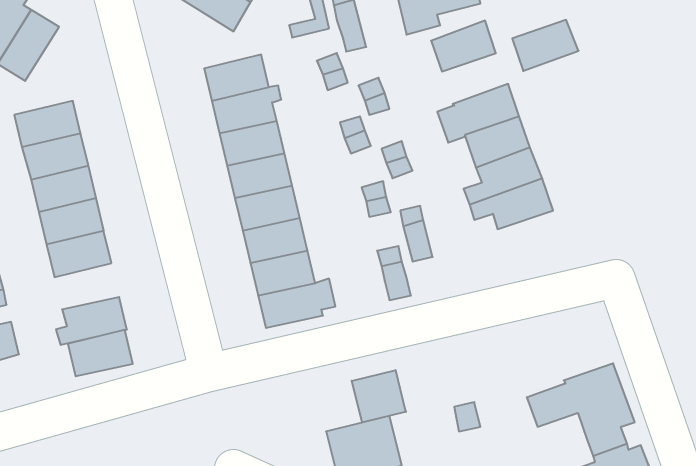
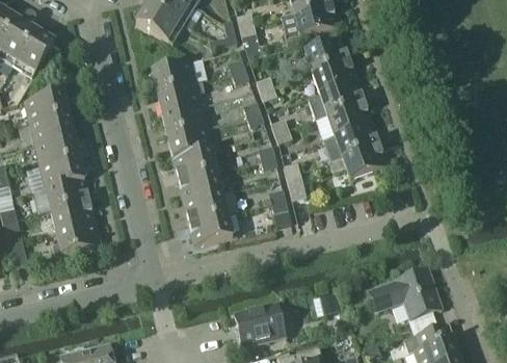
building: [512,20,579,71] -> [312,58,356,93]
building: [68,330,133,376] -> [51,200,95,231]
building: [352,370,406,423] -> none

